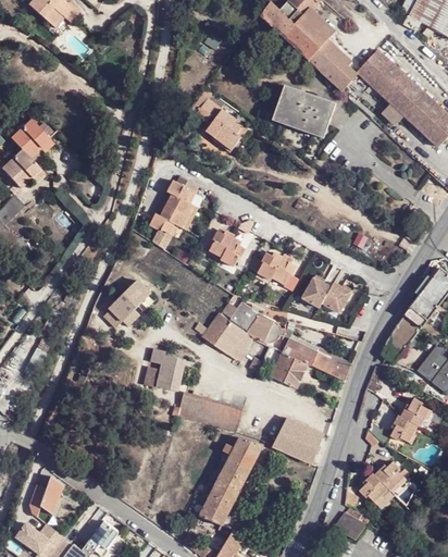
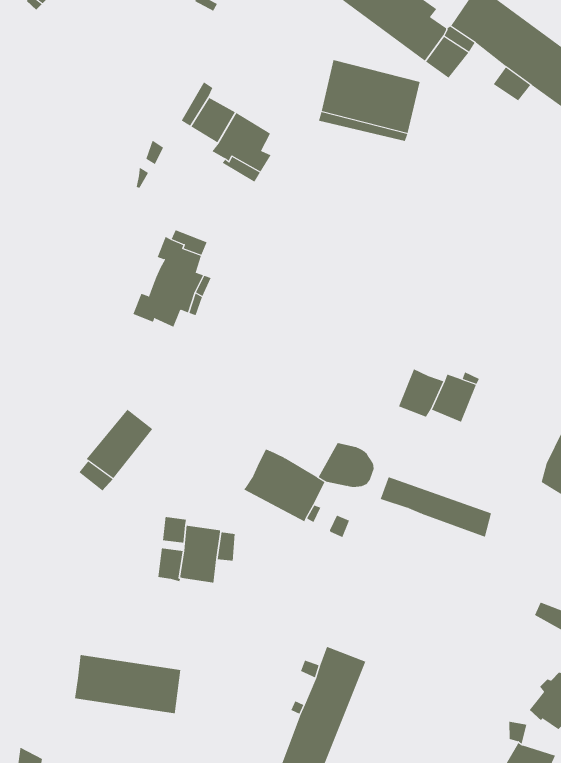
building: [209,227,244,263] -> none
building: [257,251,295,283] -> none
building: [228,301,261,334] -> none
building: [271,351,307,388] -> none
building: [176,391,242,433] -> [74,654,181,714]
building: [273,417,324,463] -> none

